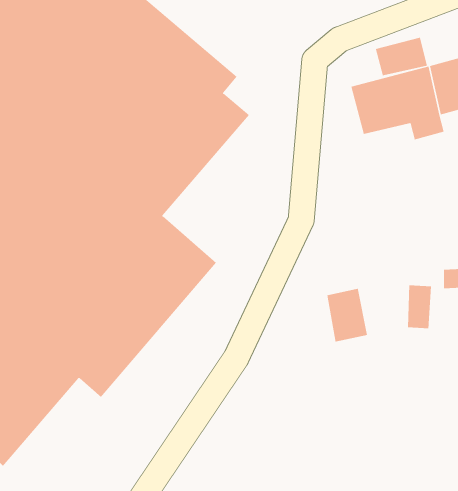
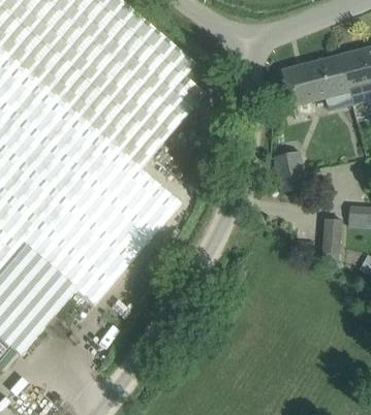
building: [375,37,428,76] -> none
building: [327,288,368,342] -> [275,151,306,191]

